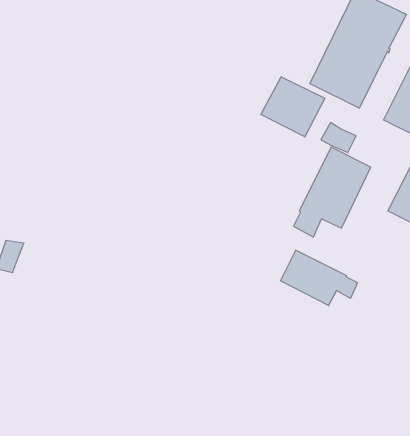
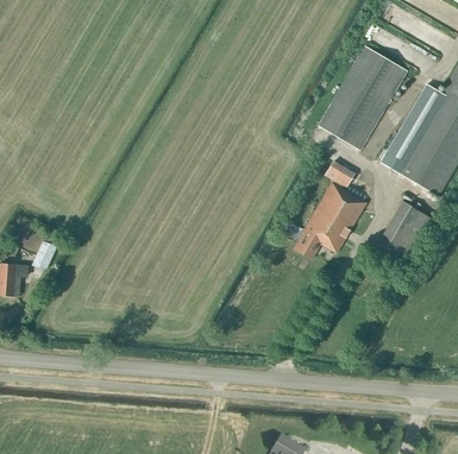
building: [261,77,325,137] -> none
building: [281,250,358,306] -> none

